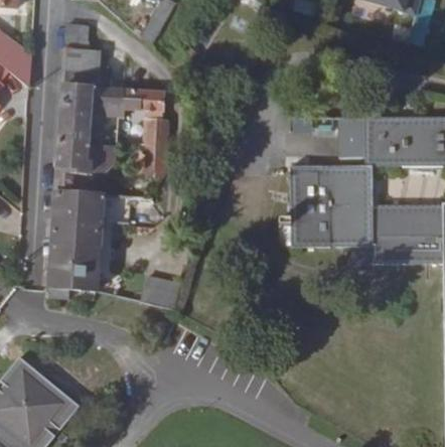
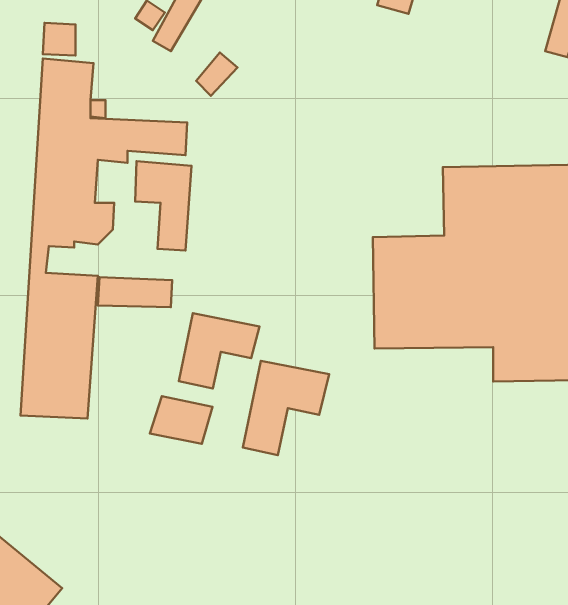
building: none -> [179,313,259,389]
building: none -> [243,361,329,455]

